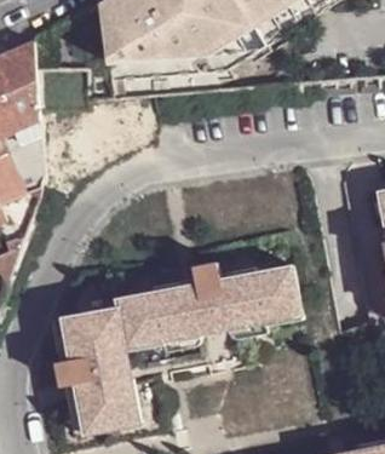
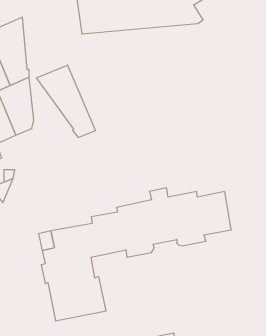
building: none -> [36,65,95,137]

